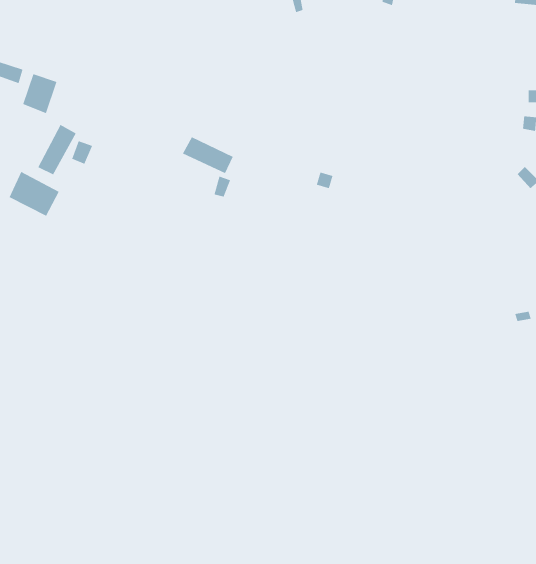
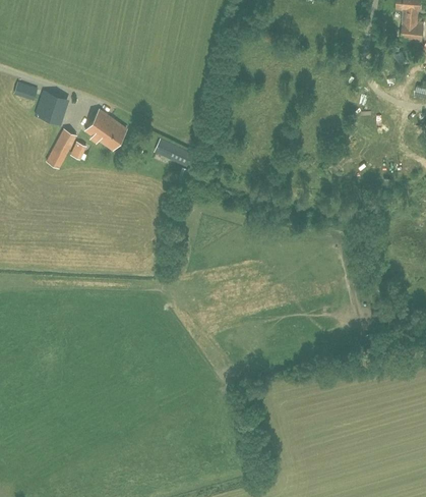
building: none -> [85,110,126,149]
building: [9,171,60,217] -> none

